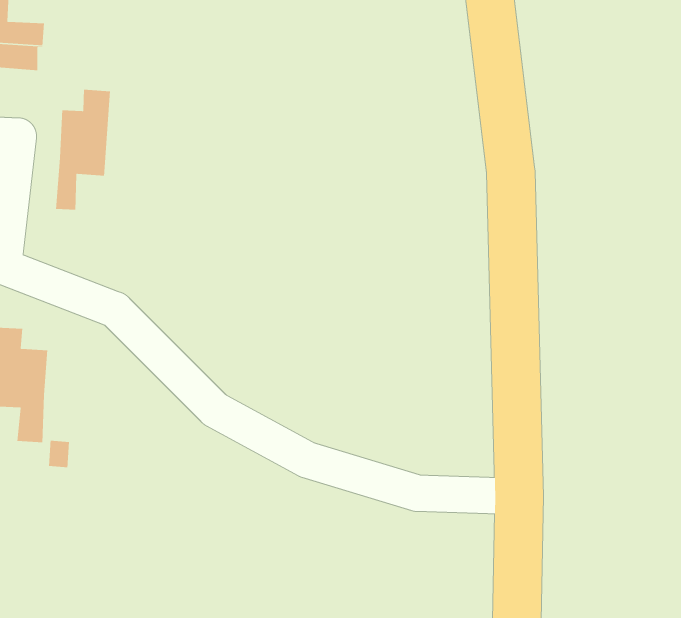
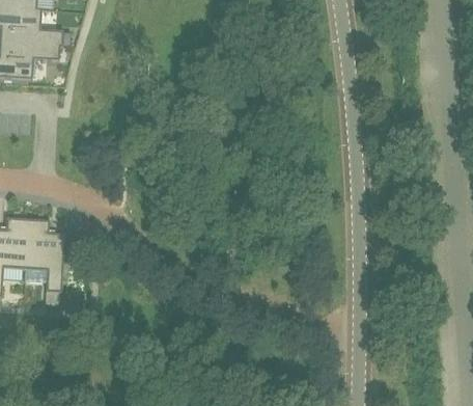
building: [55,89,111,210] -> none

